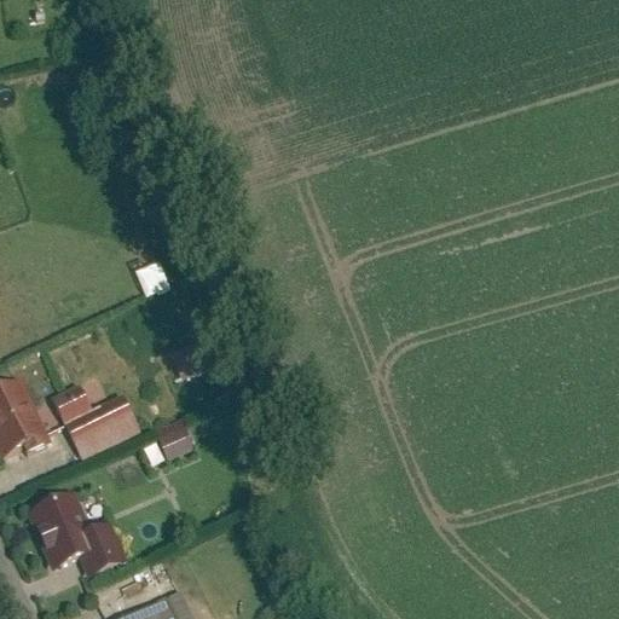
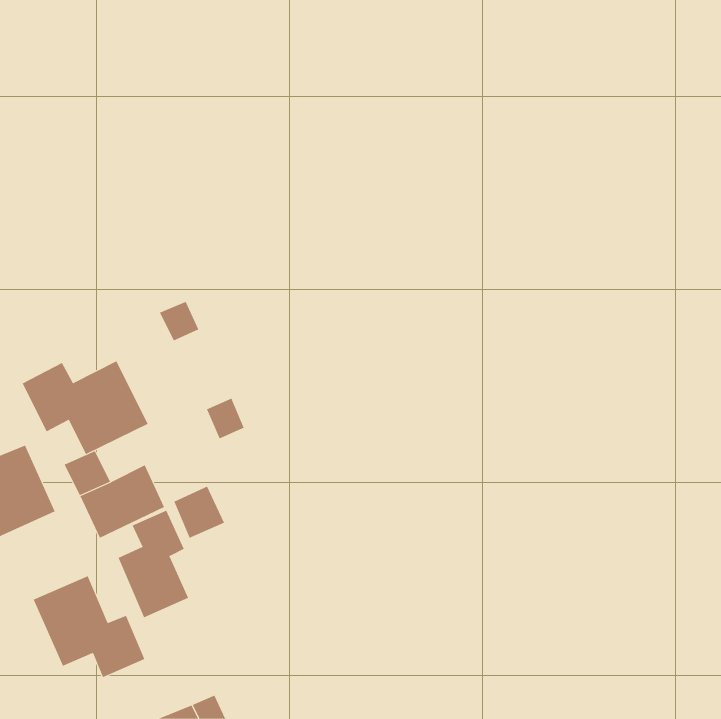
building: none -> [22,360,148,455]
building: none -> [118,510,189,618]

